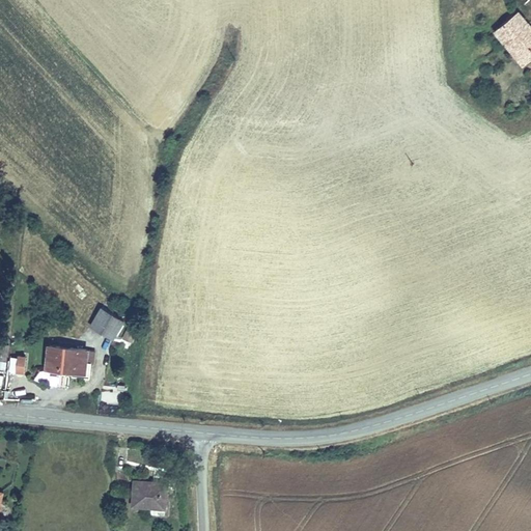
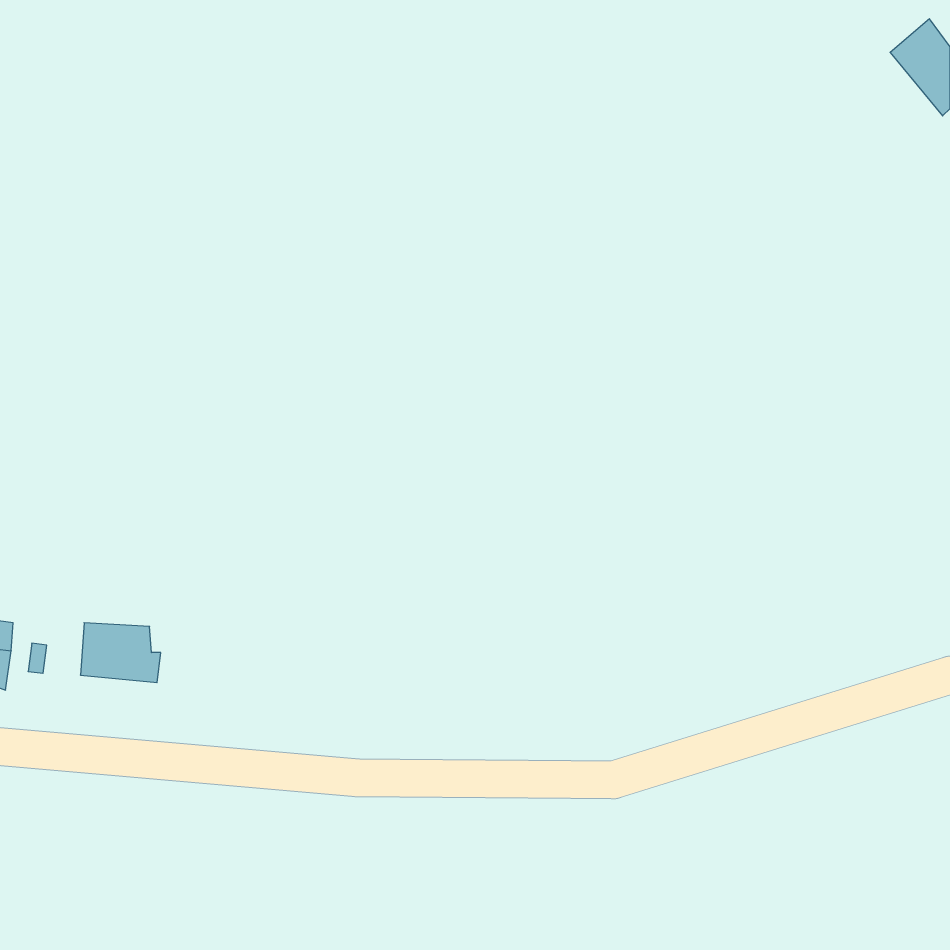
building: [87,307,120,338] -> none
building: [134,479,167,506] -> none

